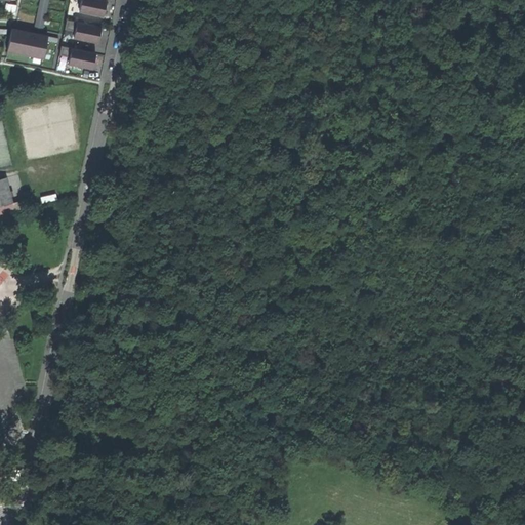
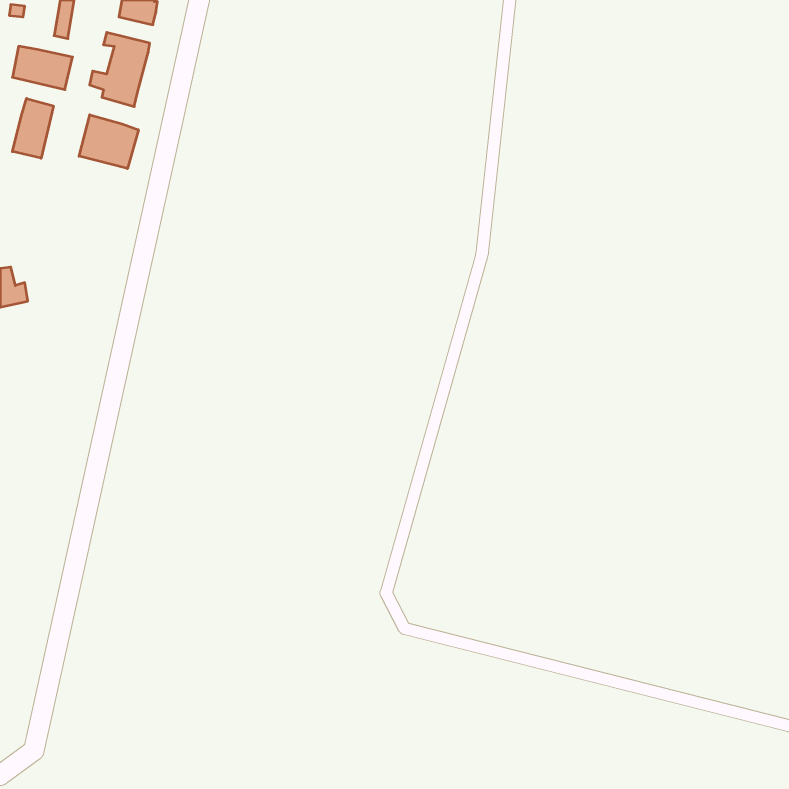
building: none -> [12,98,53,158]
building: none -> [79,115,138,169]

